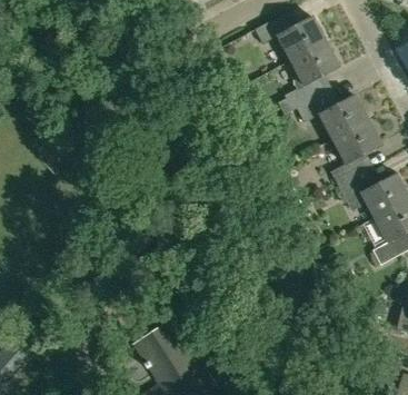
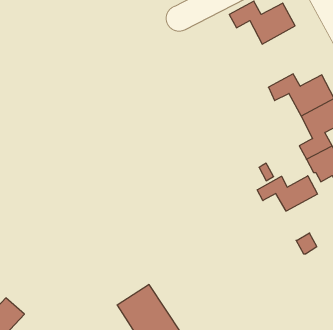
building: [277,40,339,113] -> none
building: none -> [257,176,317,211]

